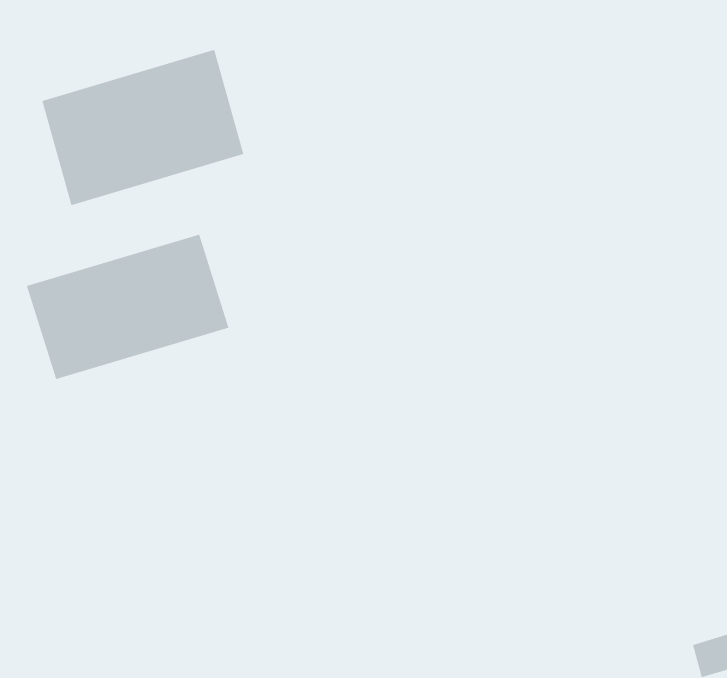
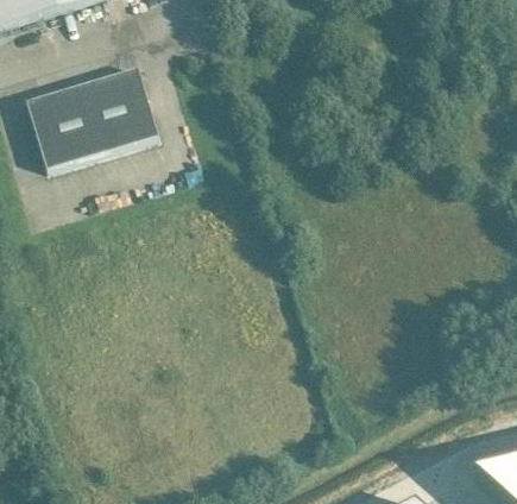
building: [26,234,229,380] -> none

